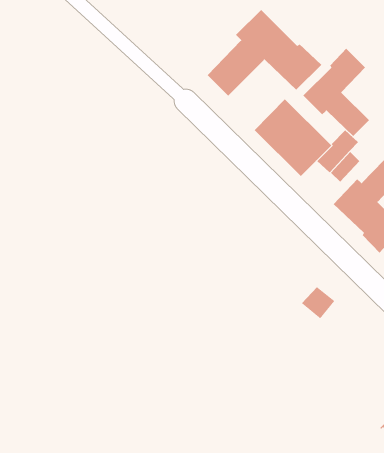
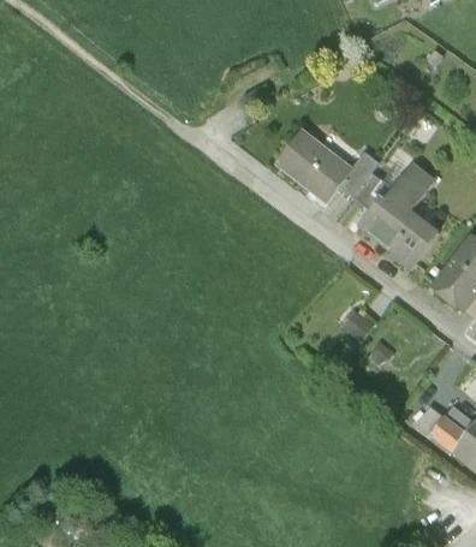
building: [207,9,322,96] -> none
building: [303,48,370,137] -> none

